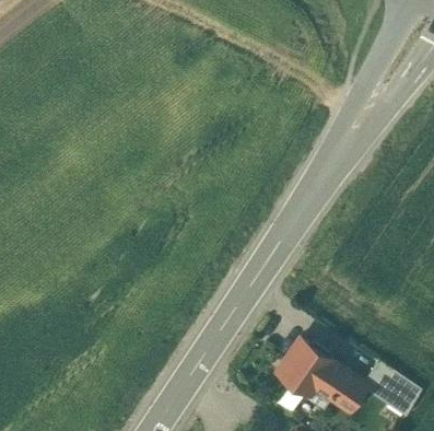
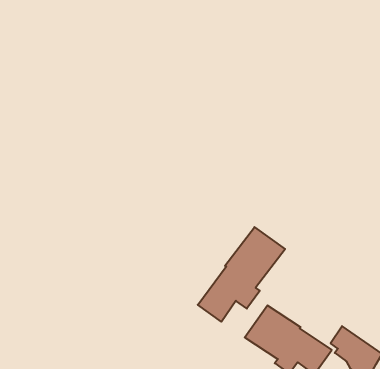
building: none -> [198,227,285,322]

